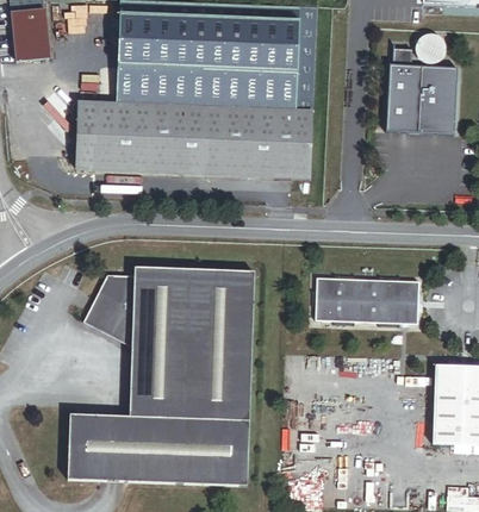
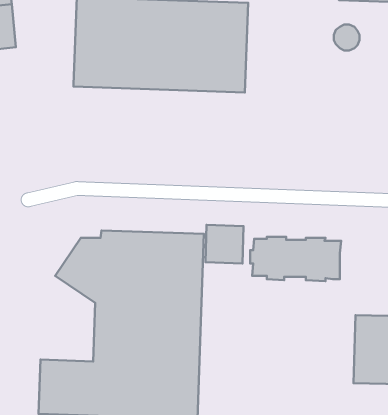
building: [385,45,455,132] -> none
building: [70,101,310,176] -> none
building: none -> [206,225,244,264]

